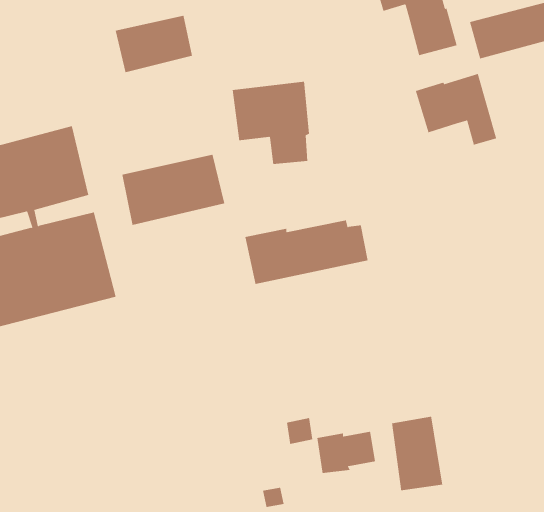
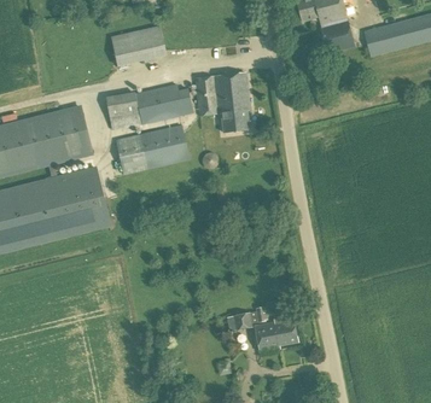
building: [415,73,497,146] -> none
building: [245,220,368,284] -> [104,84,192,130]
building: [392,416,443,491] -> none

